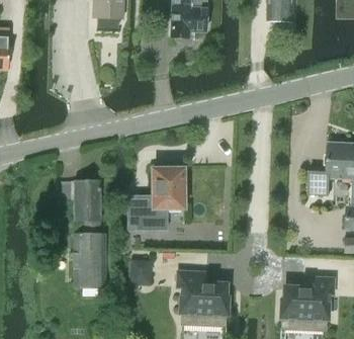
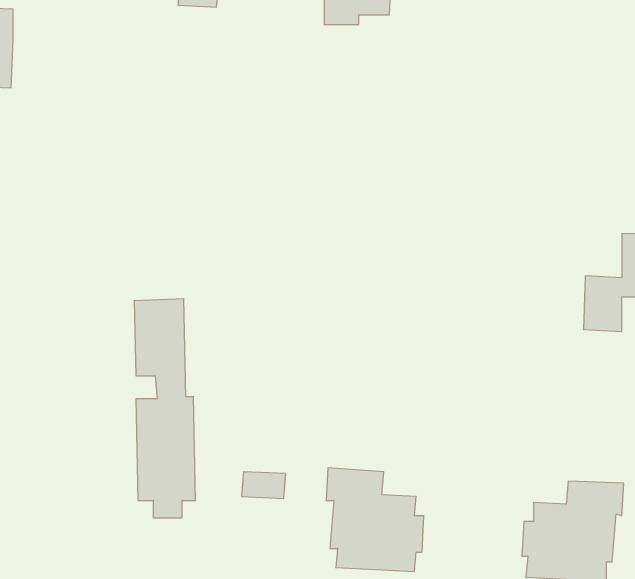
building: [128,167,182,229] -> none

